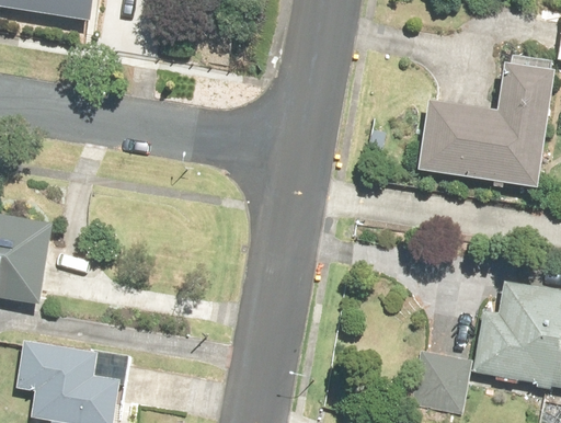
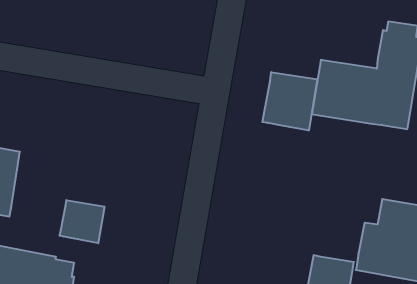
building: none -> [262,72,317,131]
building: none -> [59,200,105,243]

